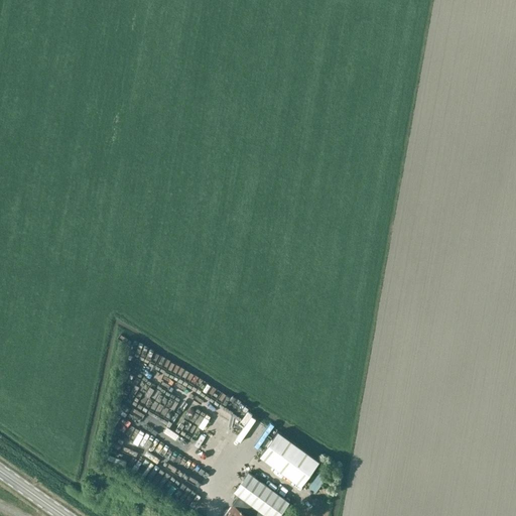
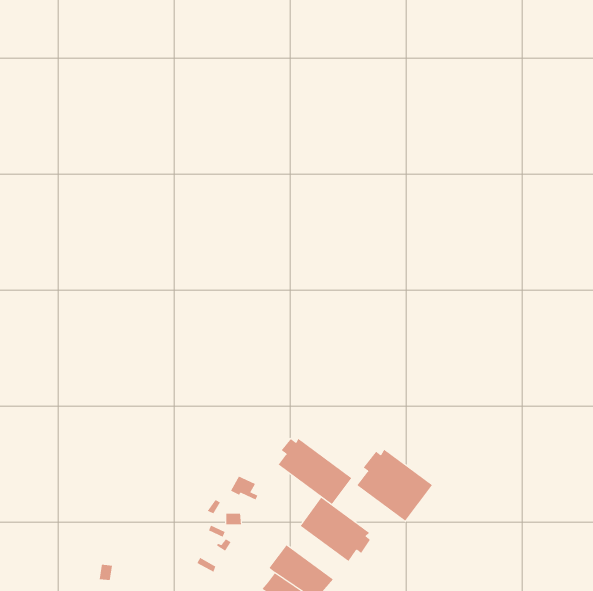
building: none -> [278,438,352,505]
building: none -> [356,449,433,522]

